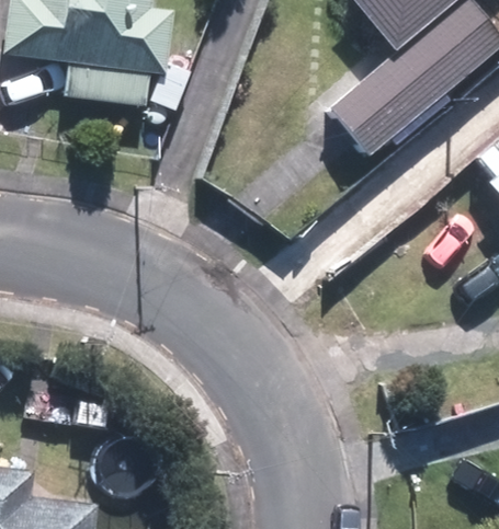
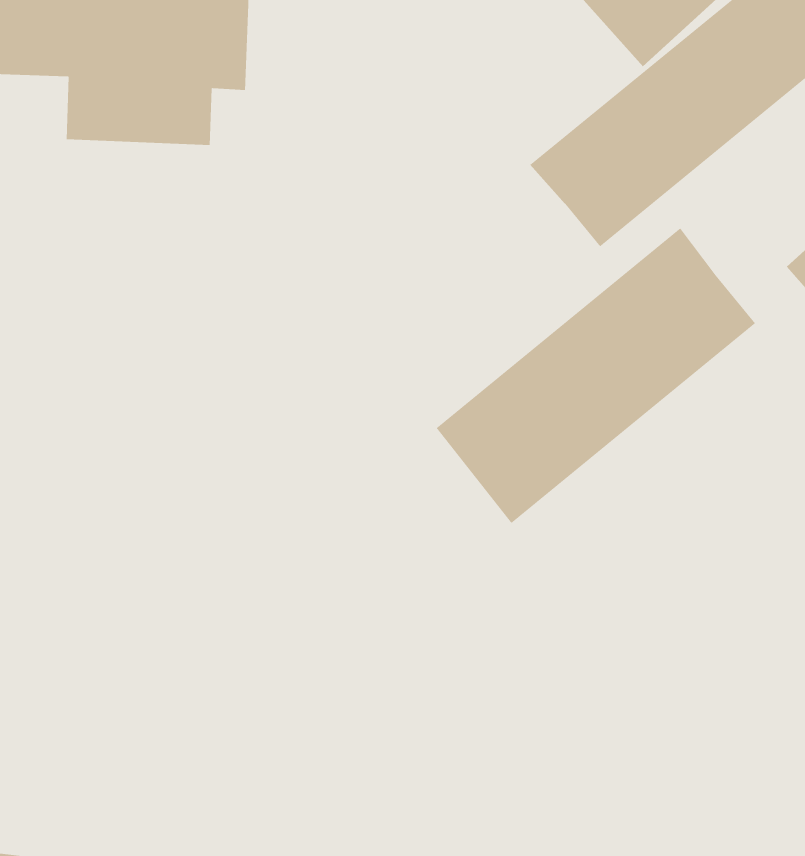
building: none -> [436,227,756,524]

